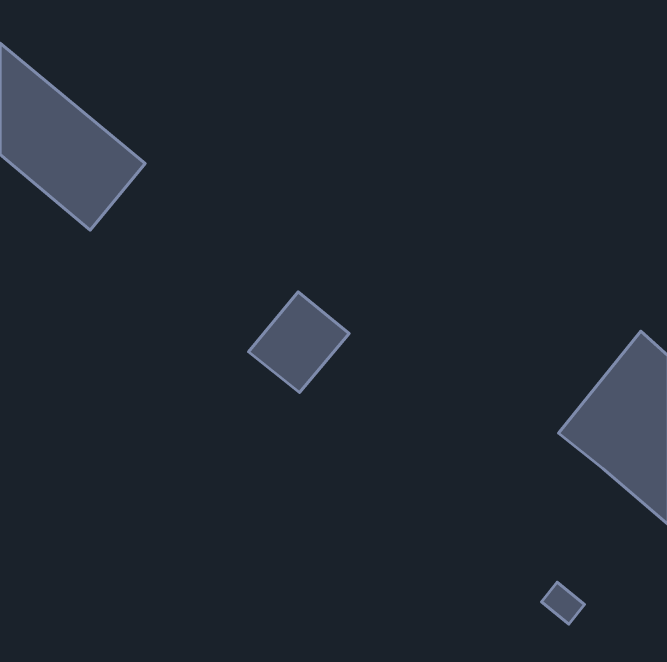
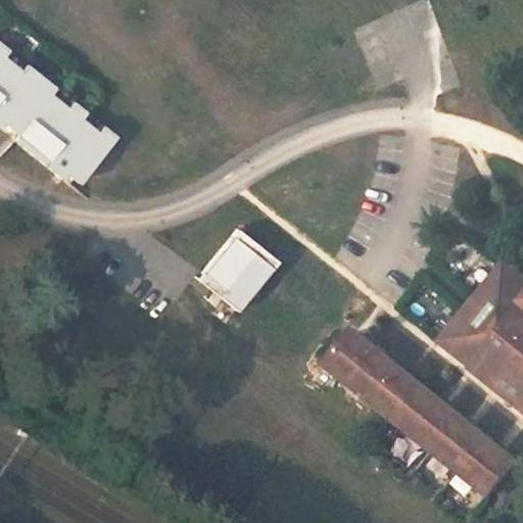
building: none -> [328,332,514,496]

